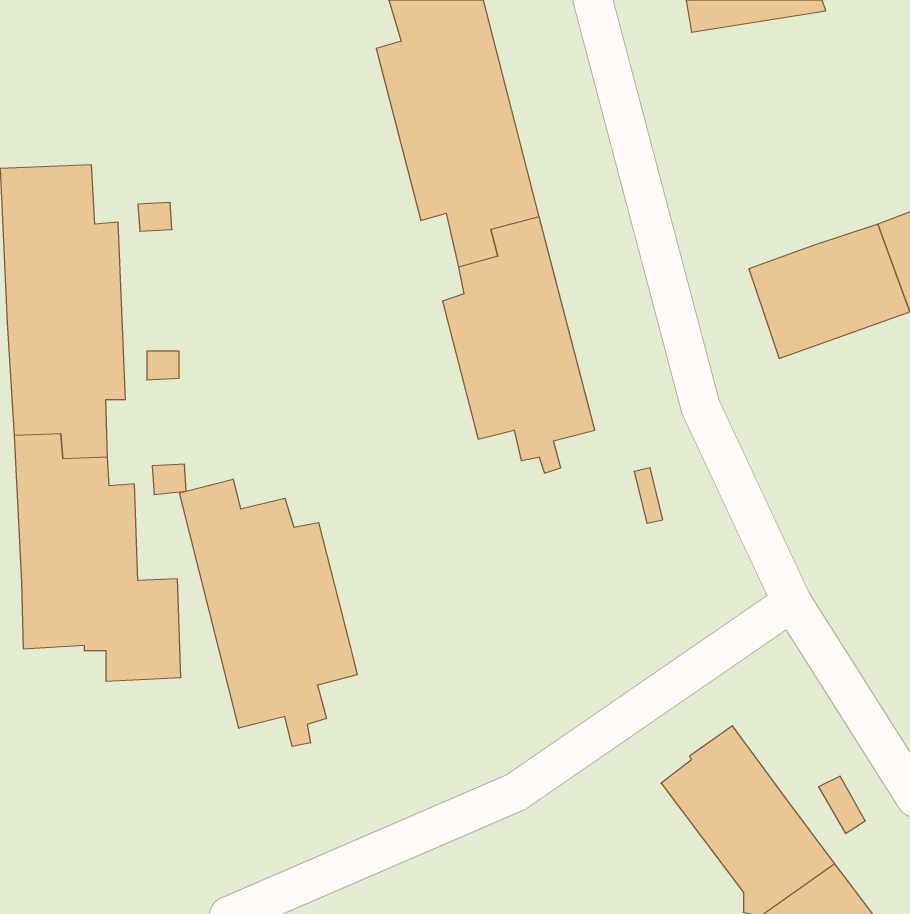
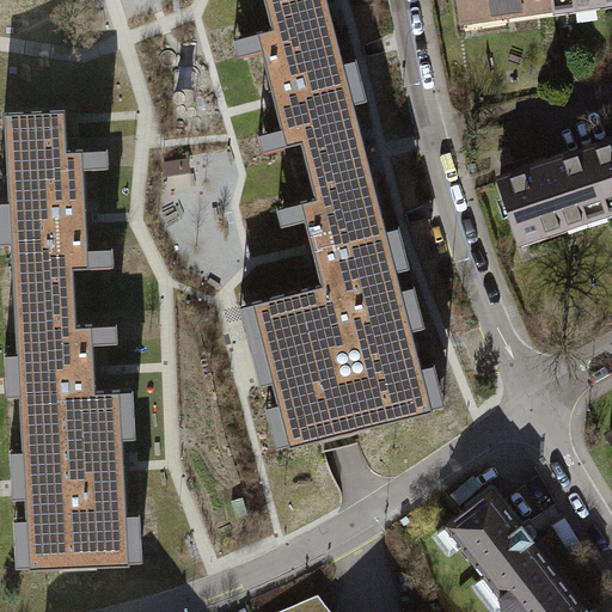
building: none -> [251,286,432,447]
building: [179,479,357,746] -> none
building: none -> [19,432,130,570]

